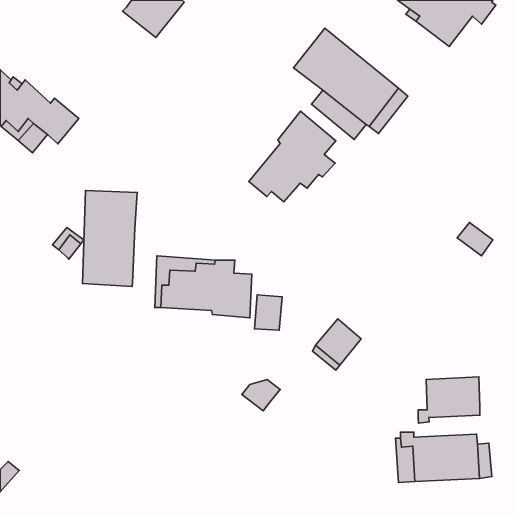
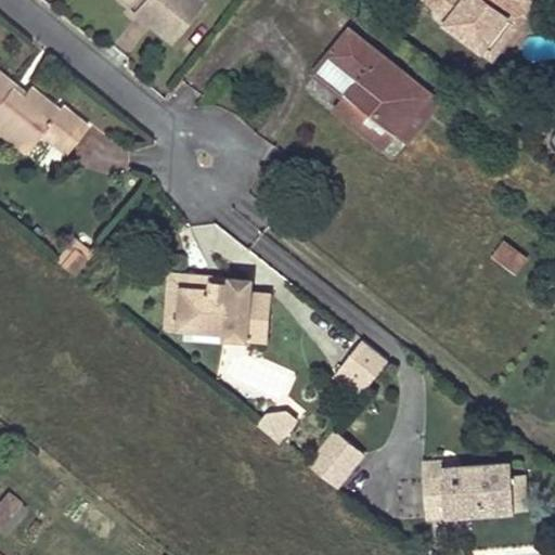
building: [249,111,336,202] -> none
building: [83,191,137,286] -> none
building: [255,295,282,330] -> none
building: [418,377,480,423] -> none
building: none -> [307,430,362,487]

